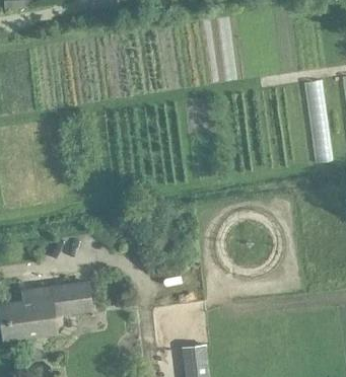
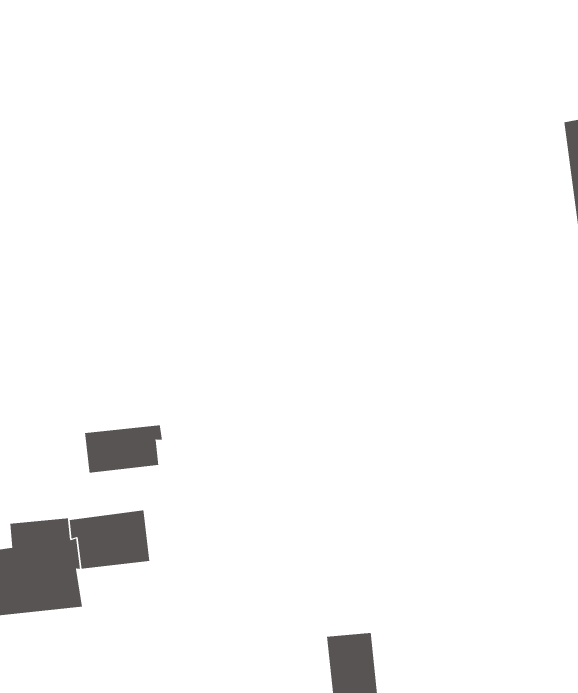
building: none -> [84,425,162,474]

